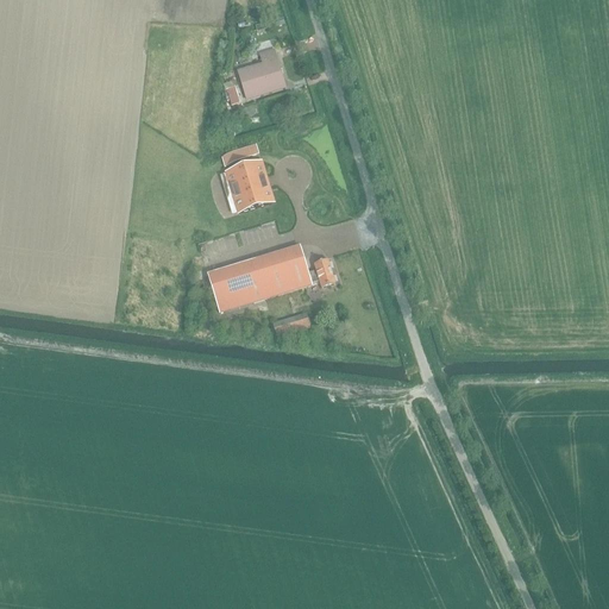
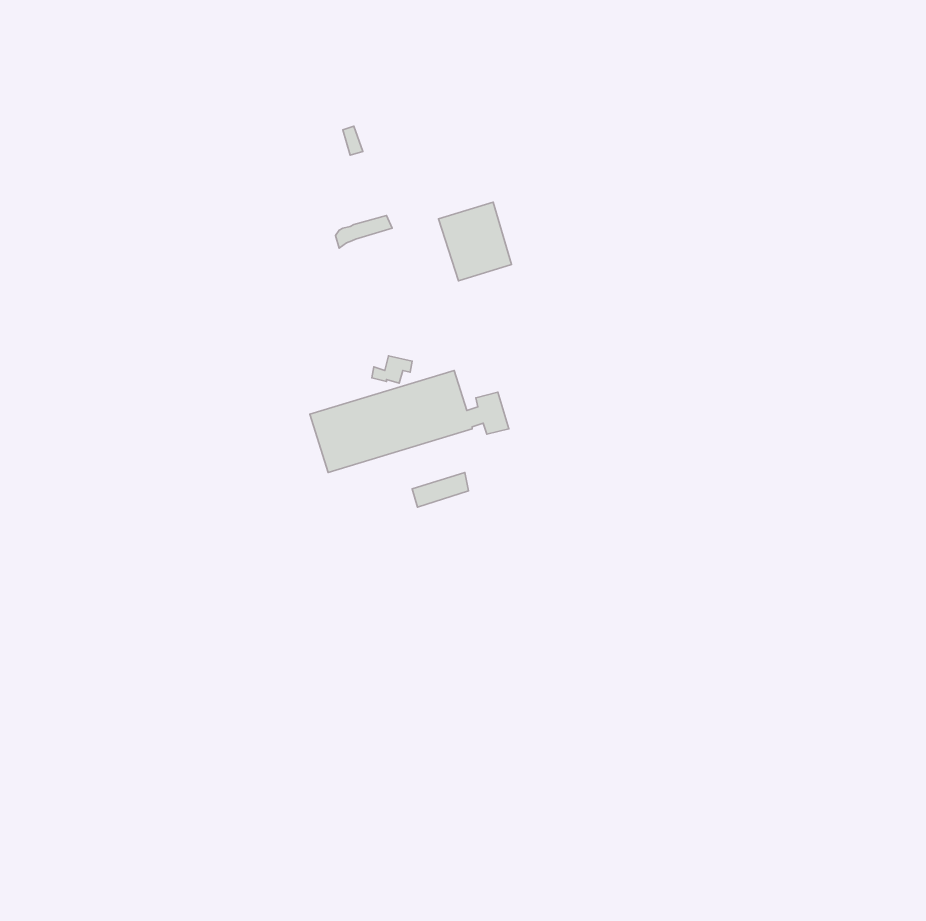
building: [237,49,283,92] -> none
building: [225,161,272,212] -> [438,202,511,281]

